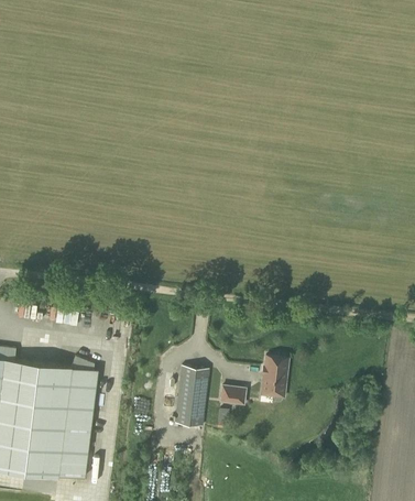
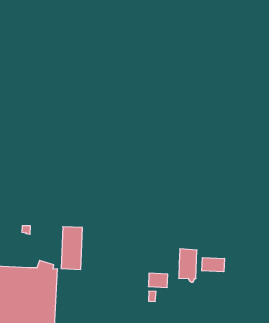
building: [175,368,208,427] -> [61,227,82,269]
building: none -> [202,258,224,272]

